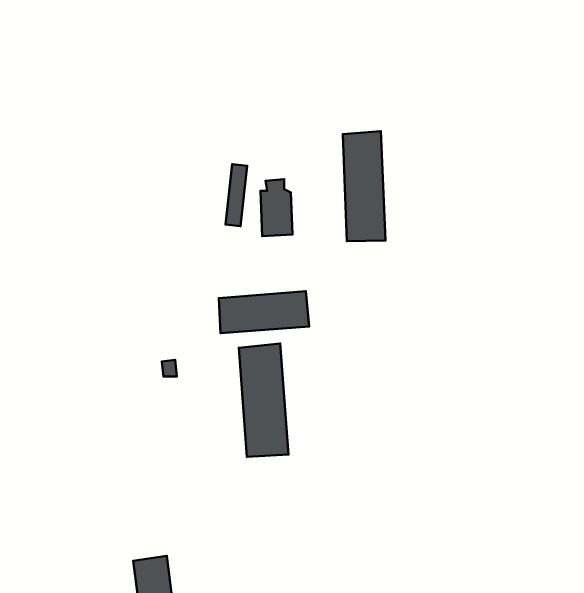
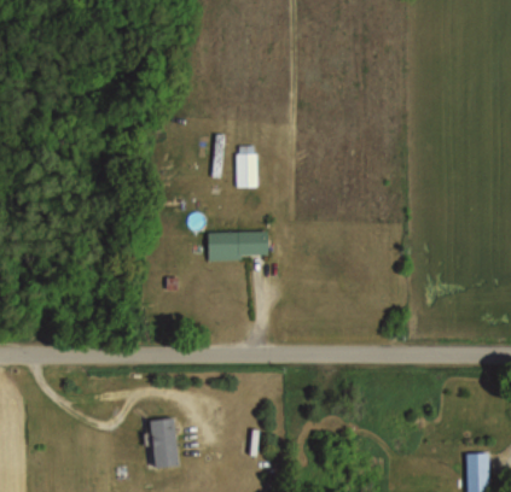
building: [343,131,385,241] -> none
building: [239,344,289,457] -> none

